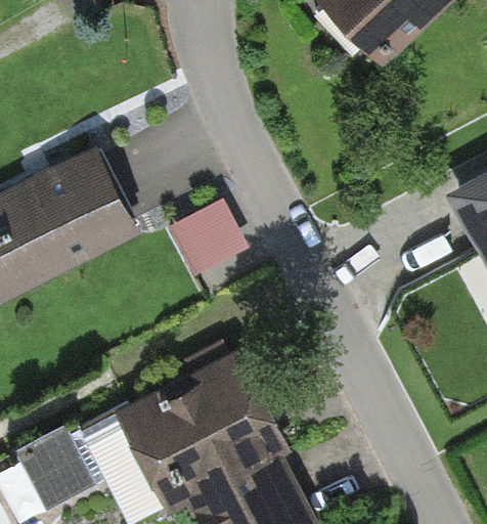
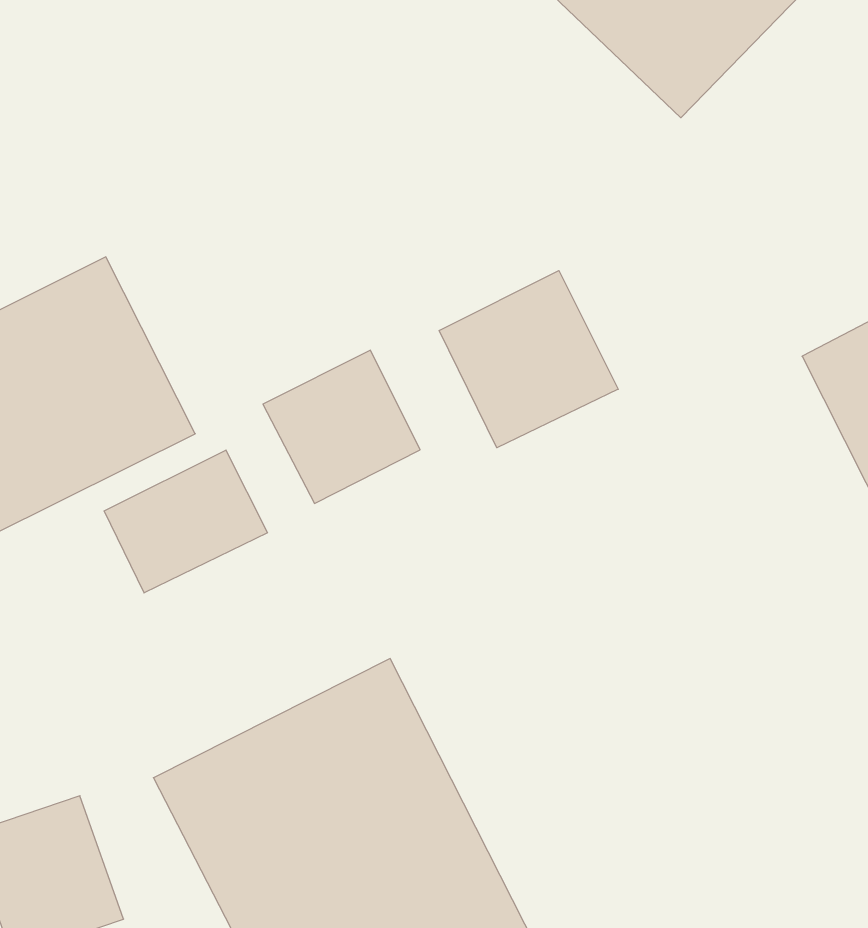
building: none -> [439,271,618,448]
building: none -> [104,450,267,593]

